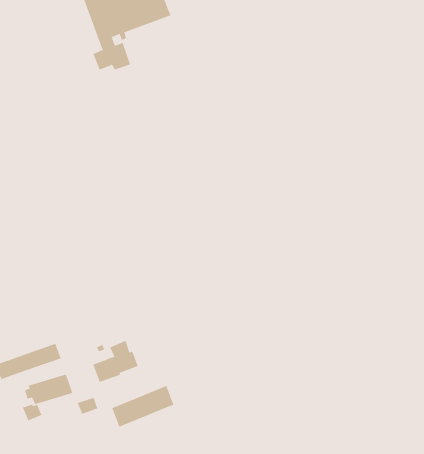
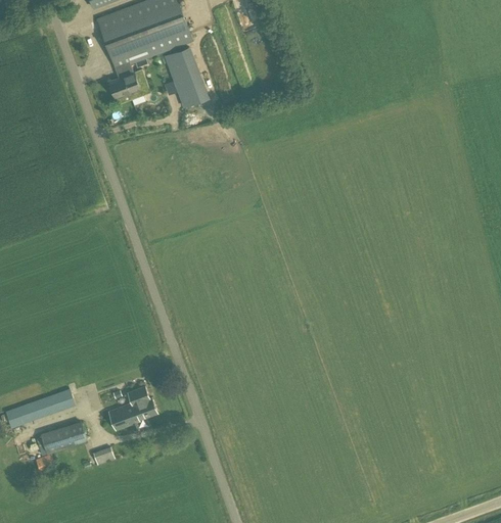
building: none -> [163,45,209,107]
building: [111,385,174,428] -> none

